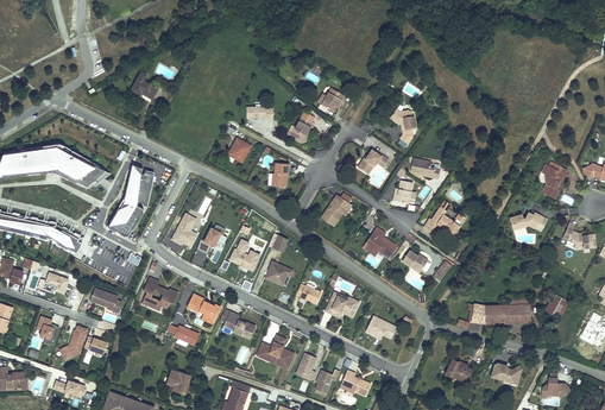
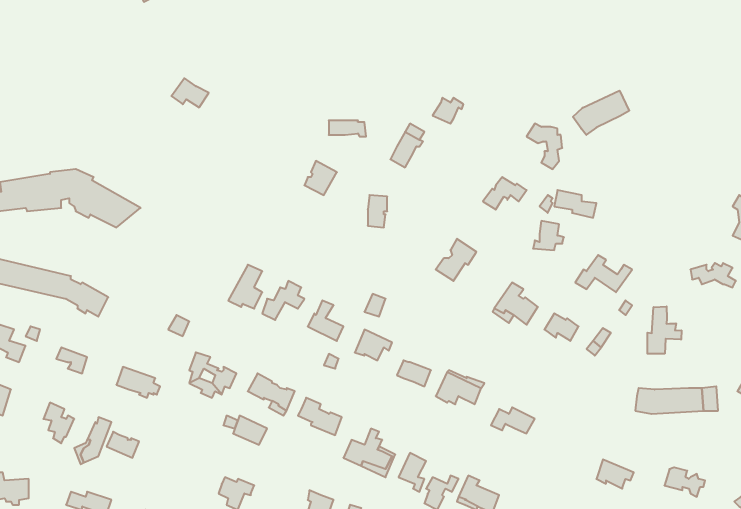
building: none -> [573,91,629,135]
building: [111,168,153,235] -> none
building: none -> [647,306,681,354]

